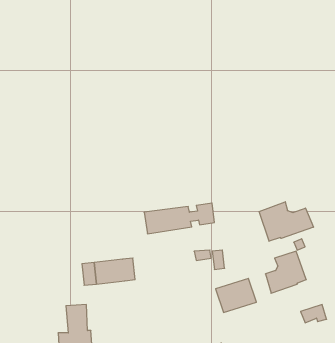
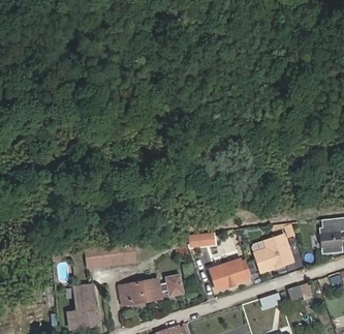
building: [259,202,313,241] -> none
building: [144,203,214,234] -> [119,277,183,305]

